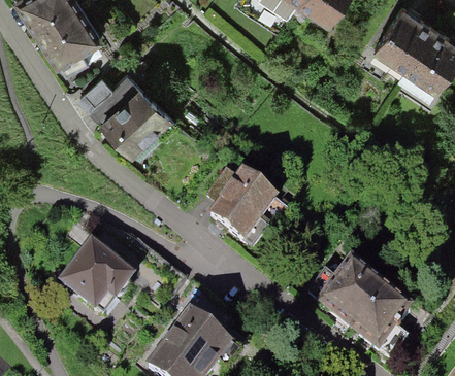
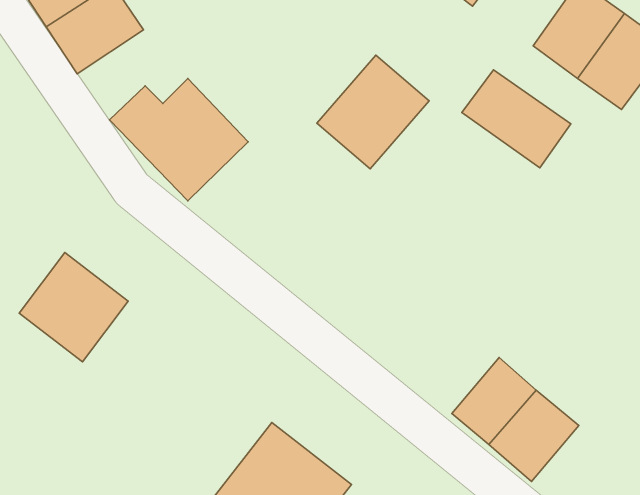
building: none -> [462,70,571,168]
building: [205,174,284,253] -> [317,55,429,169]
building: [57,248,133,324] -> [19,253,128,362]

